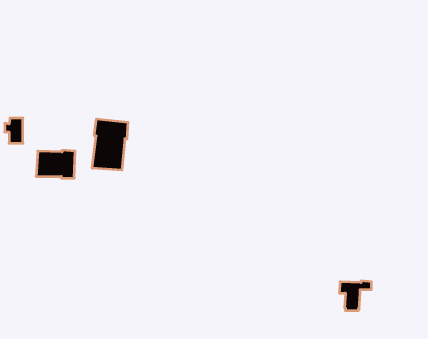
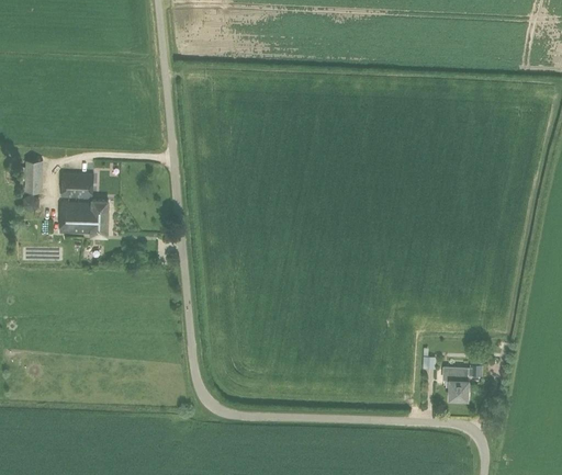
building: [92,119,128,170] -> none
building: none -> [59,172,93,197]

